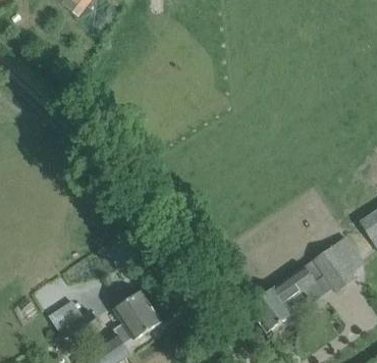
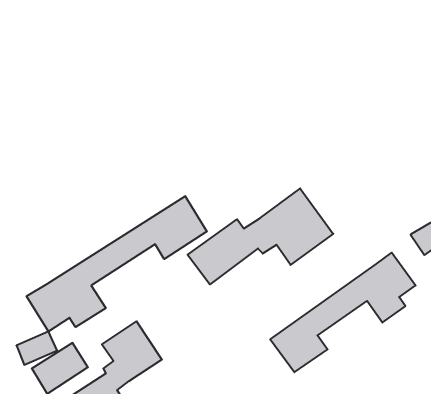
building: none -> [188,188,333,284]
building: none -> [27,196,207,332]

